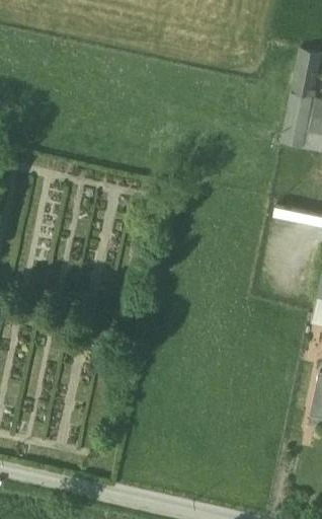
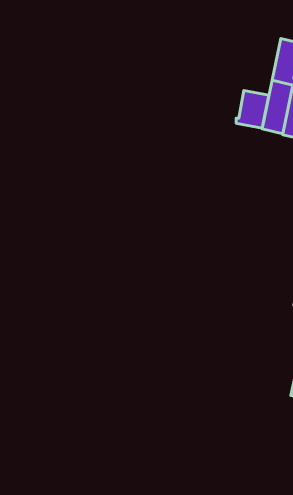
building: none -> [236,91,269,128]

